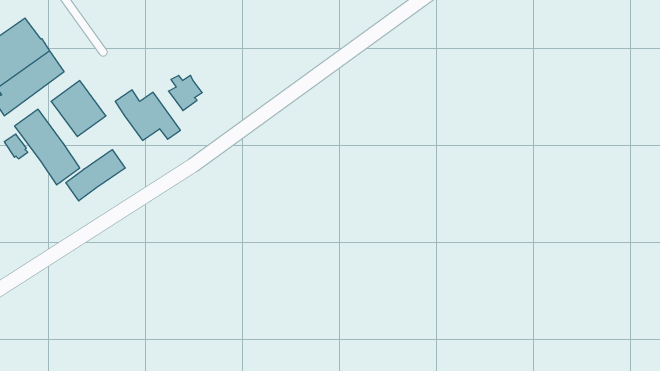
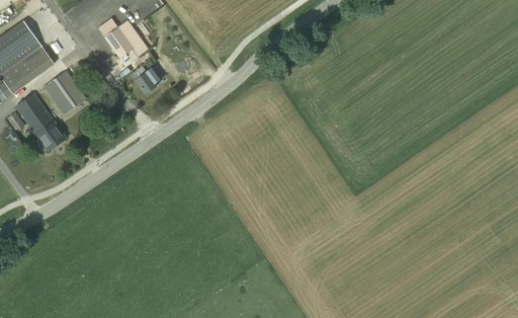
building: [115,90,180,140] -> [98,18,149,58]
building: [66,150,125,201] -> none

